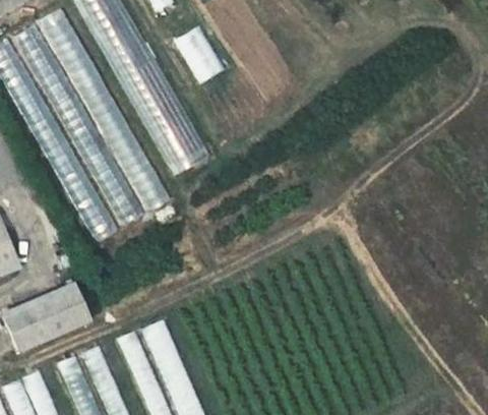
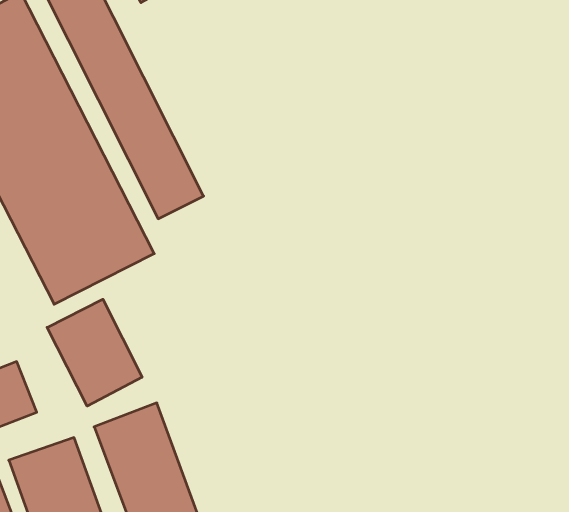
building: [174,31,221,82] -> none
building: none -> [47,299,142,406]

